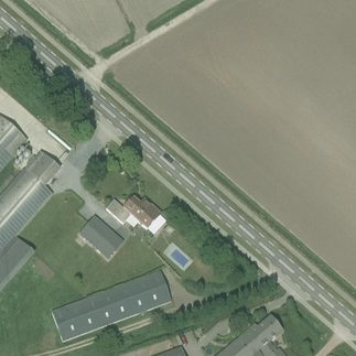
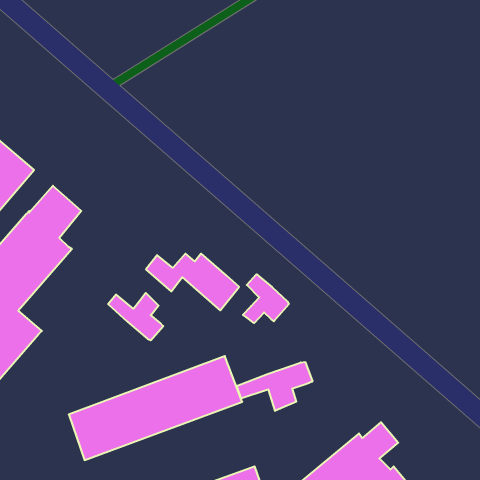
building: none -> [243,274,289,323]
building: none -> [237,362,312,411]

